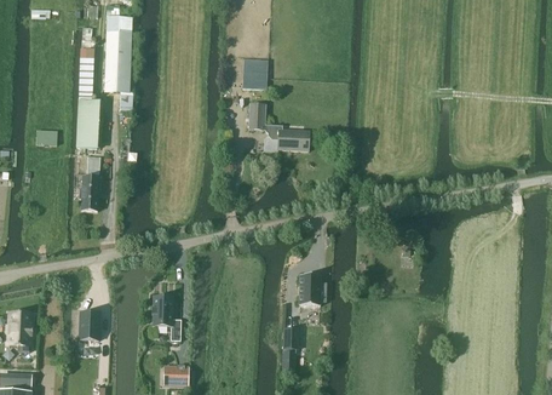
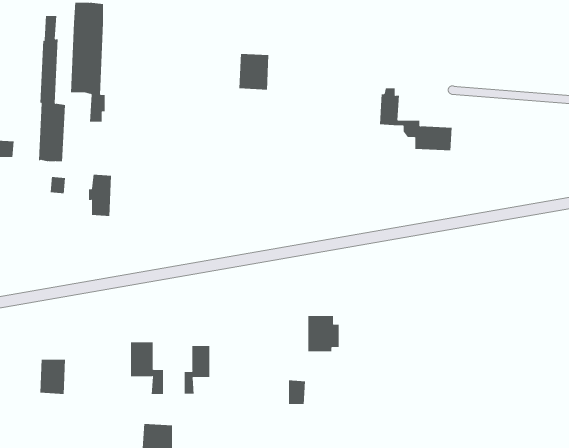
building: [248,98,309,150] -> [379,88,452,151]
building: [79,176,98,211] -> [88,174,112,217]
building: none -> [184,345,210,394]

